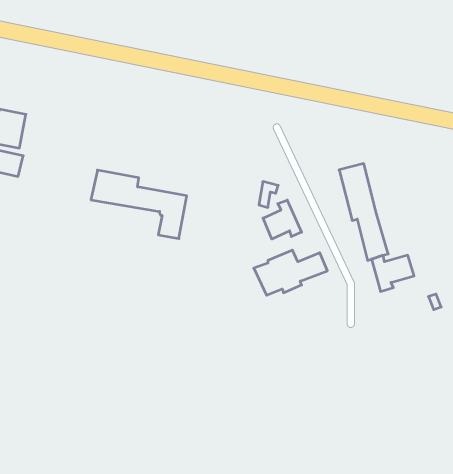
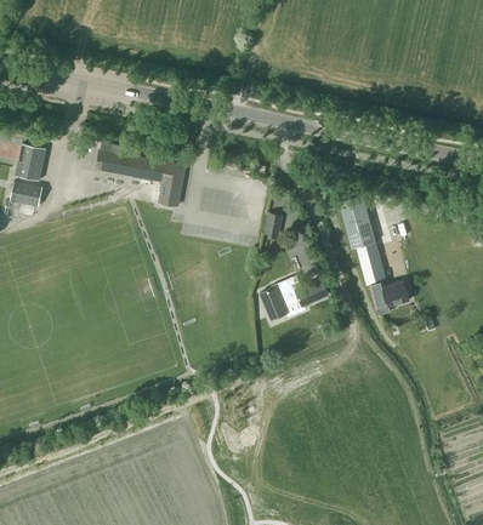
building: [91,170,187,239] -> [96,142,186,206]
building: [263,200,302,239] -> none

